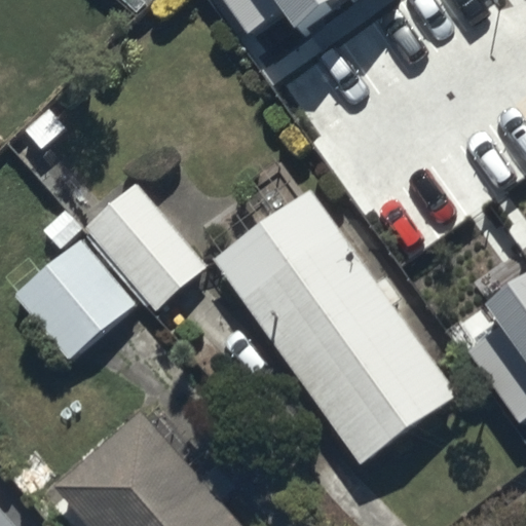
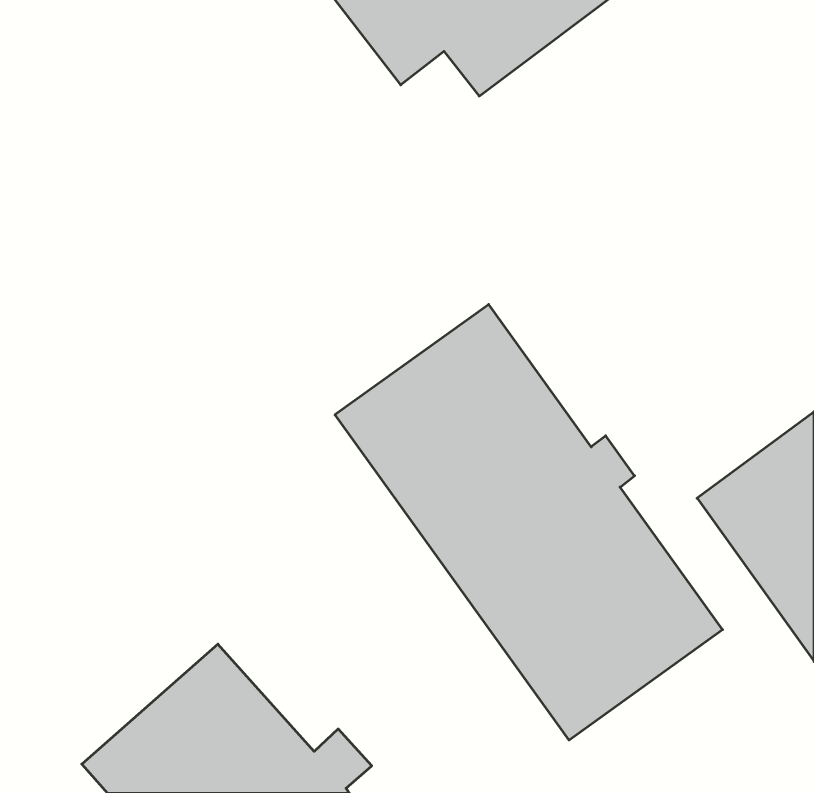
building: [85,182,210,311] -> none
building: [13,238,137,363] -> none

